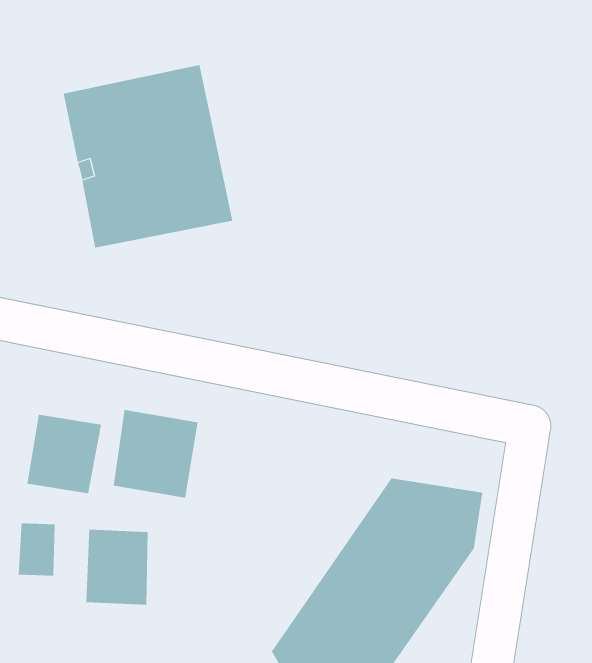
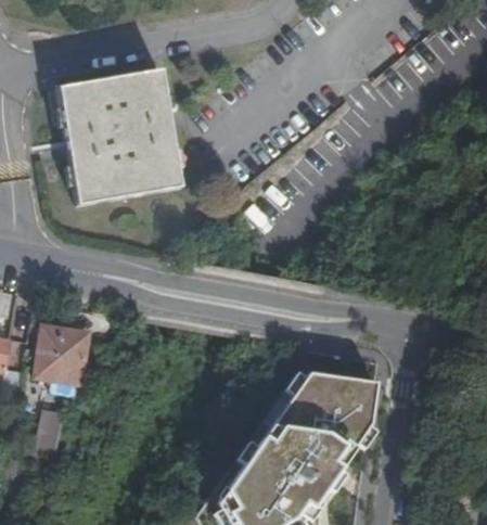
building: [113,409,198,499] -> none
building: [86,529,148,606] -> none

